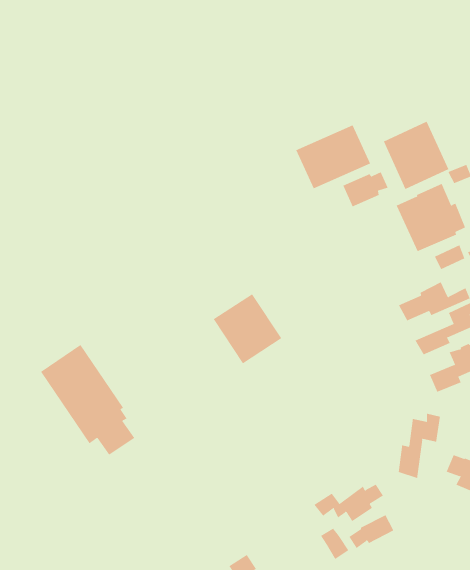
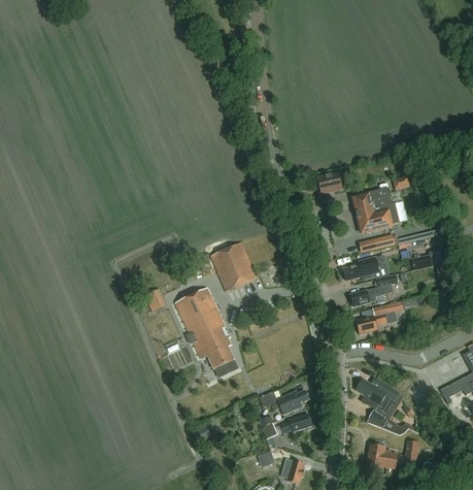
building: [383,121,449,190] -> none
building: [296,125,371,189] -> none
building: [40,344,135,456] -> [175,288,234,369]
building: [398,413,440,479] -> none

